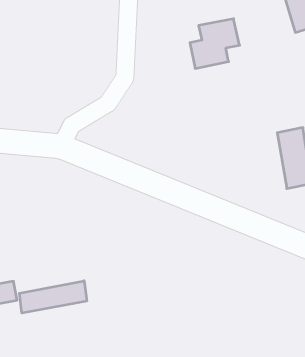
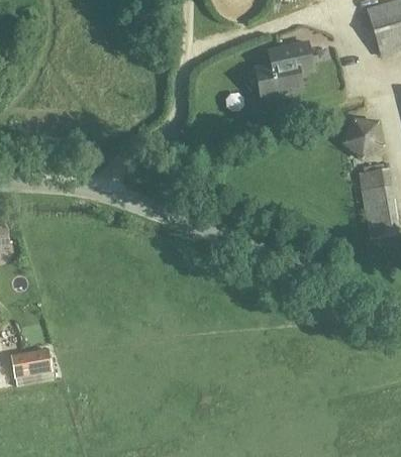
building: none -> [341,116,384,159]
building: [19,281,87,313] -> none

